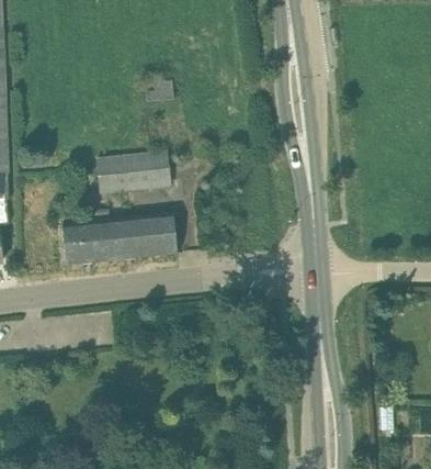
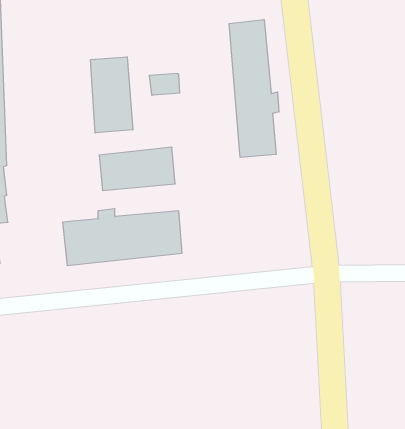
building: none -> [229,19,279,157]
building: none -> [90,57,133,133]

